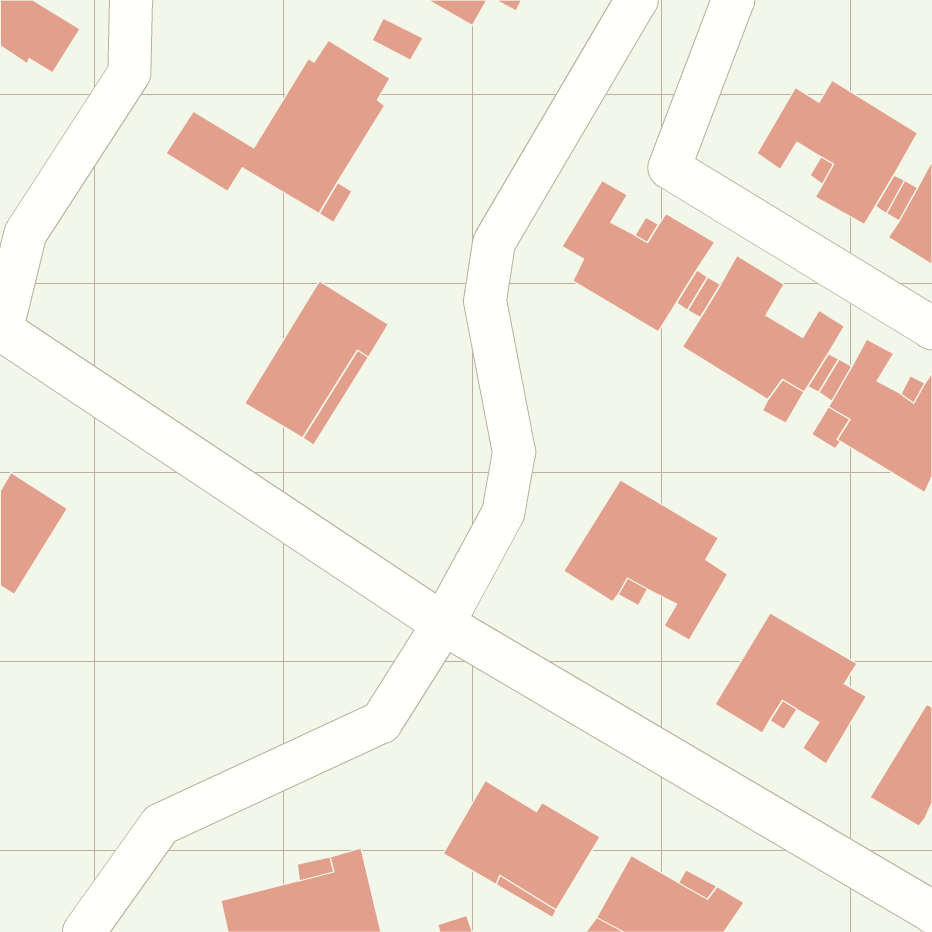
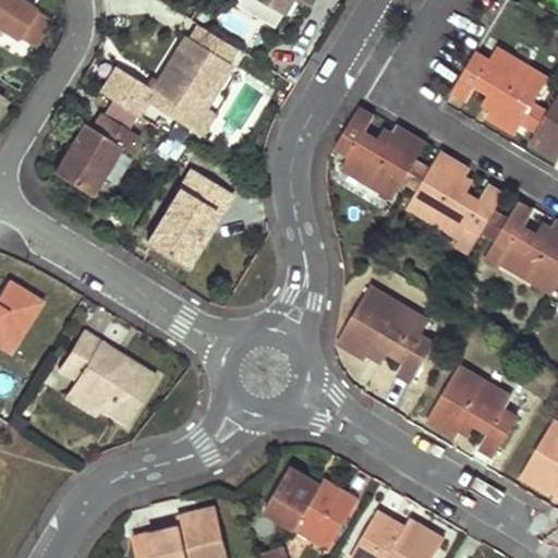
building: none -> [52,112,138,195]
building: none -> [58,330,155,424]

